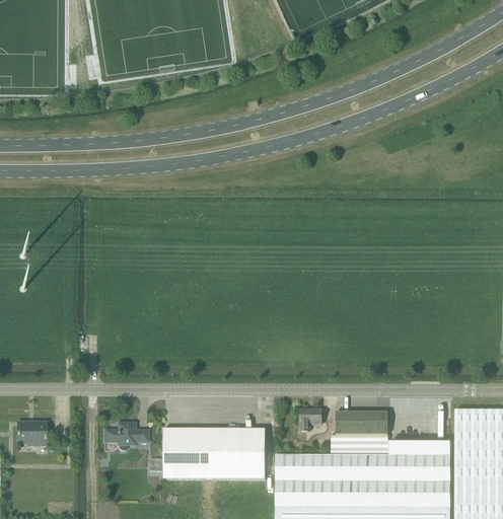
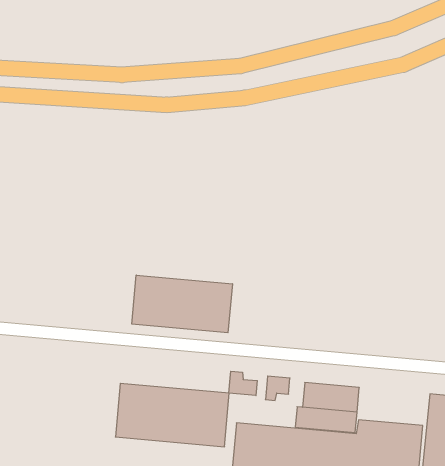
building: none -> [132,275,232,333]
building: none -> [229,371,257,396]
building: [105,423,149,450] -> none

